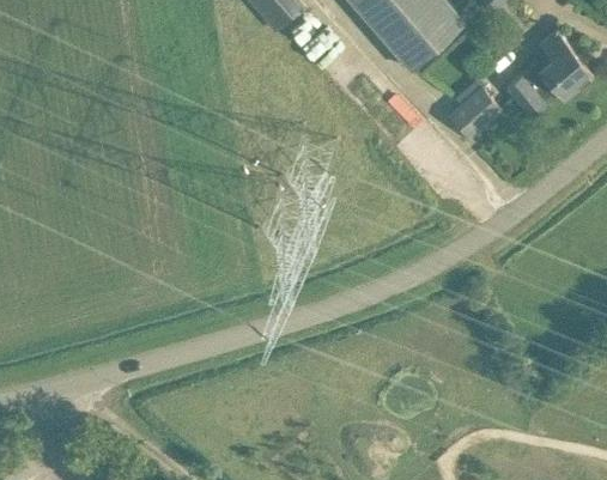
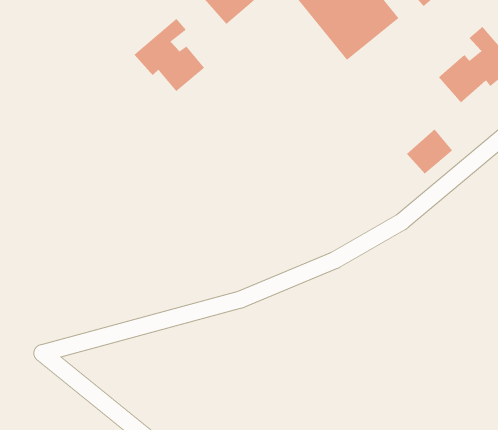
building: none -> [133,18,205,92]
building: [449,87,500,138] -> [406,129,453,175]

